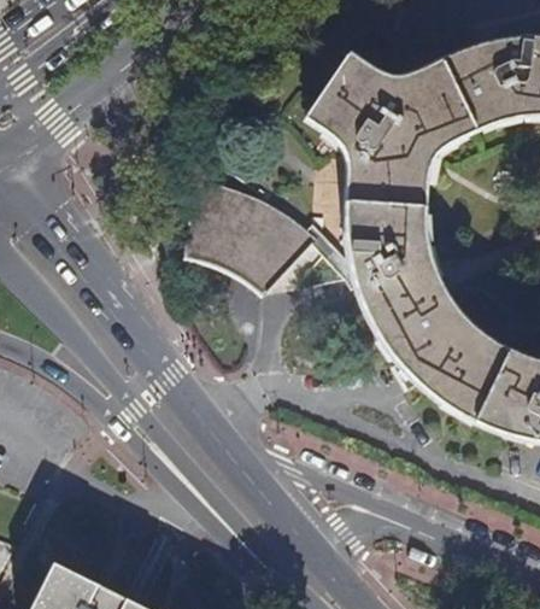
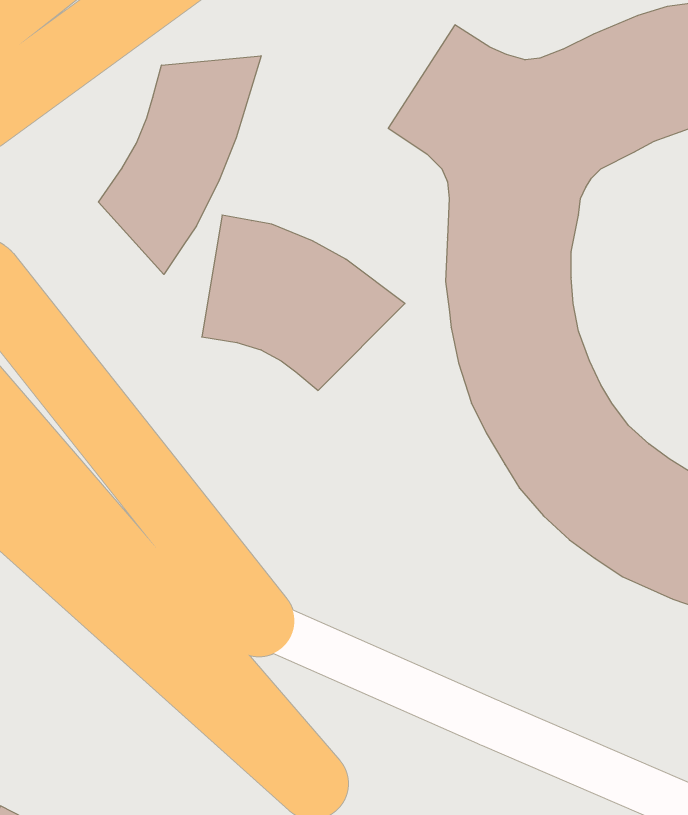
building: none -> [98,56,261,274]

